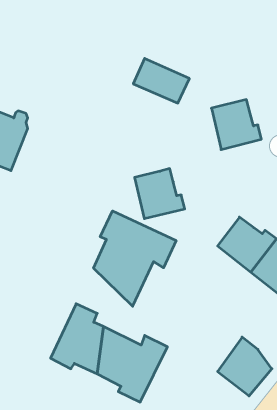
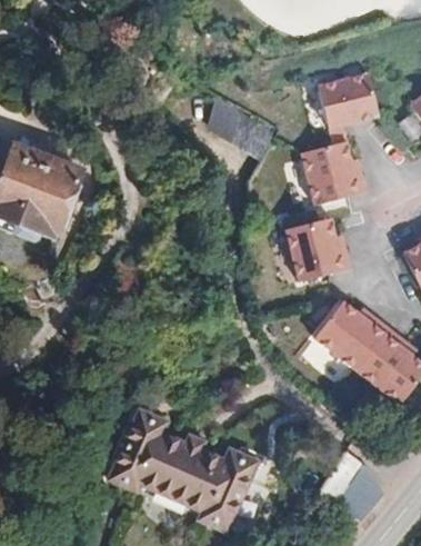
building: none -> [320,75,381,130]
building: [135,169,185,219] -> [287,220,350,284]
building: [94,211,176,306] -> none

